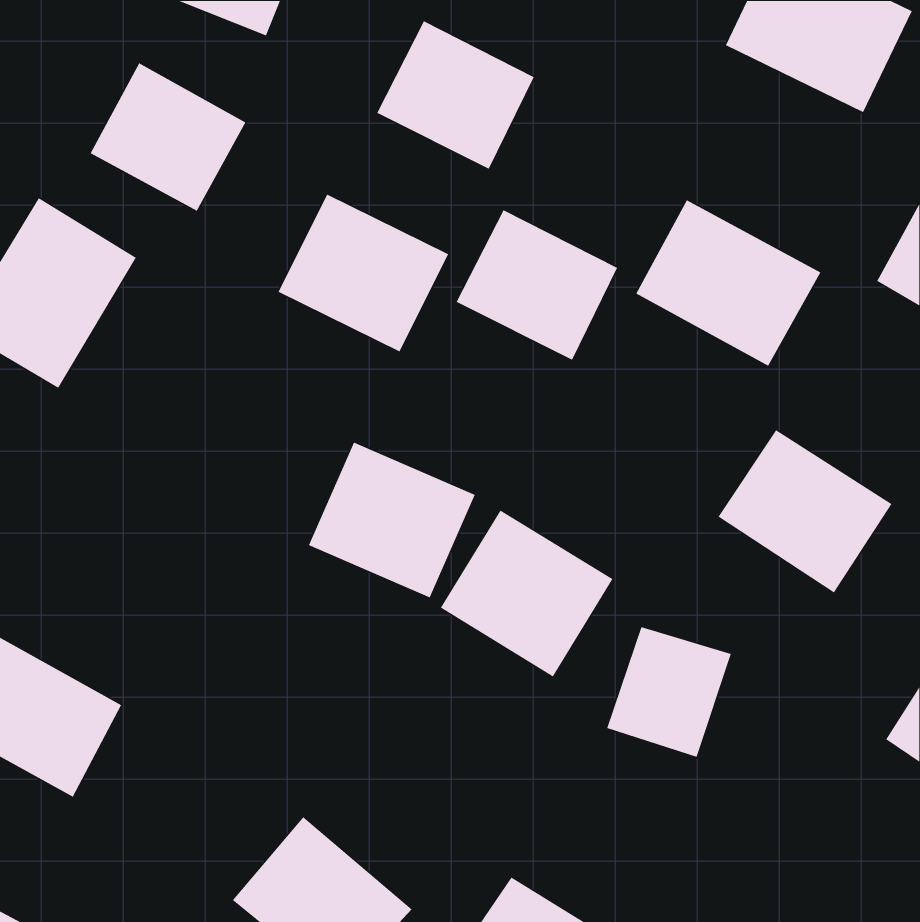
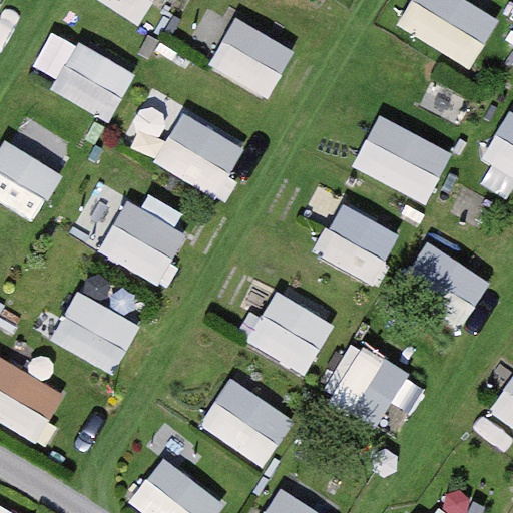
building: [456,209,618,361] -> [312,204,401,288]
building: [308,442,476,599] -> [97,198,189,285]
building: none -> [46,290,139,375]
building: none -> [197,376,295,469]

